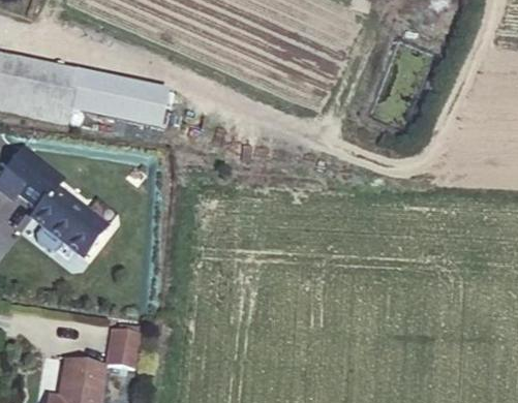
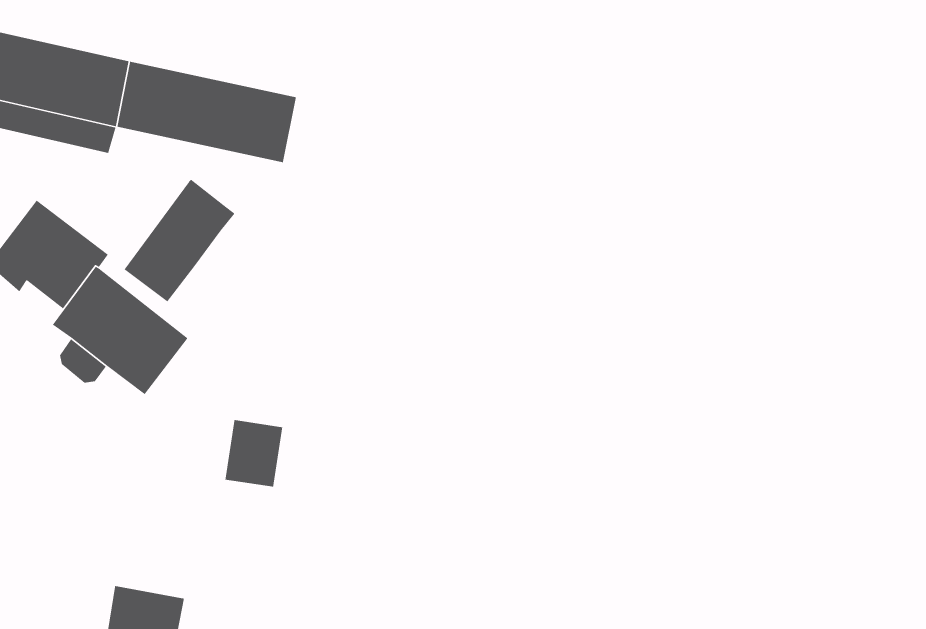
building: none -> [123,179,235,303]
building: [106,326,139,363] -> [224,419,283,488]

